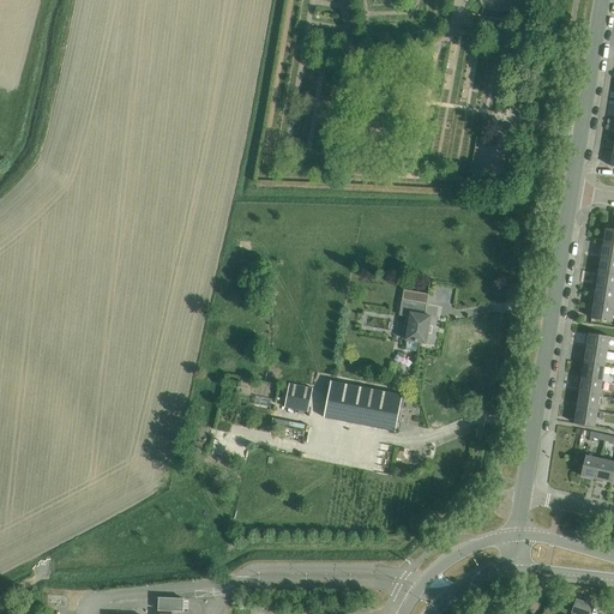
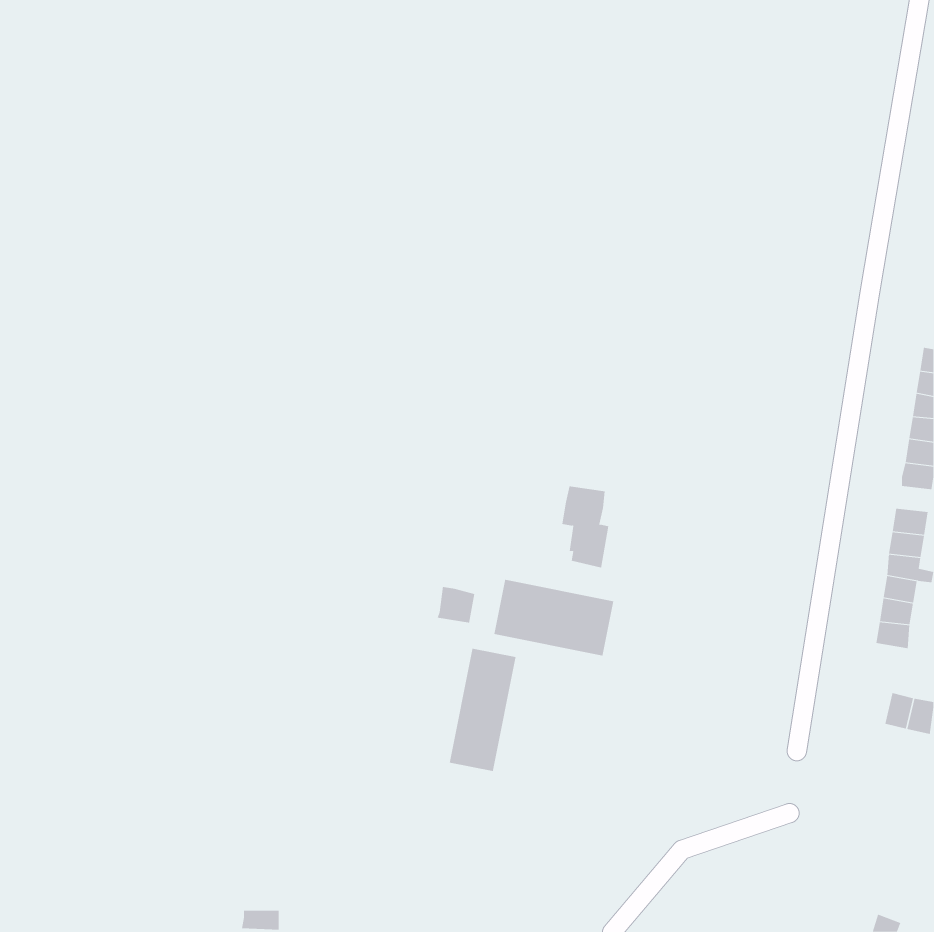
building: [399,289,431,343] -> [562,486,609,568]
building: none -> [449,648,516,772]

